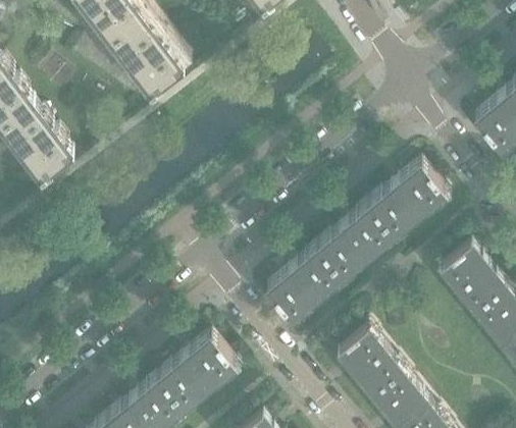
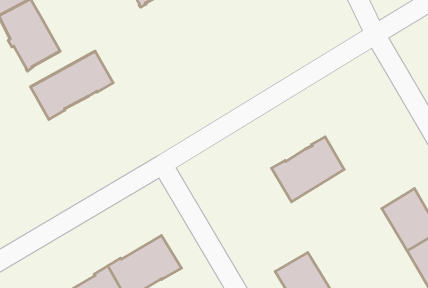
building: none -> [30,51,113,120]
building: [368,164,447,236] -> none
building: [266,247,343,322] -> none

